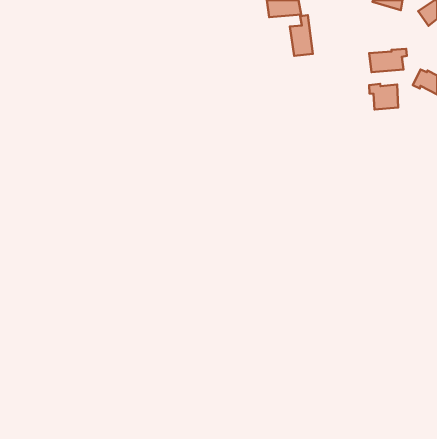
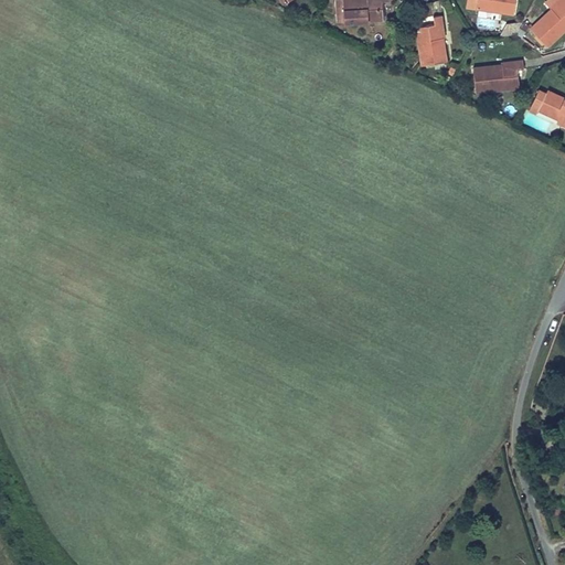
building: [290,15,313,56] -> [417,12,447,64]
building: [369,84,398,109] -> none

